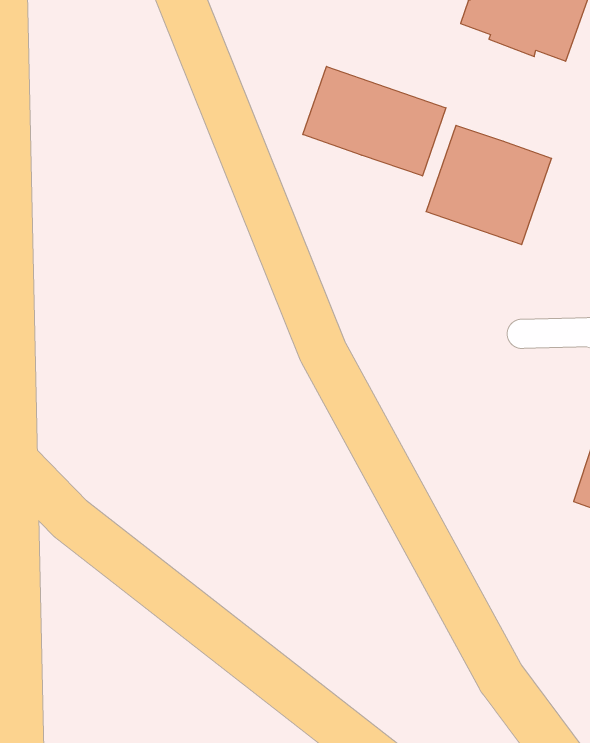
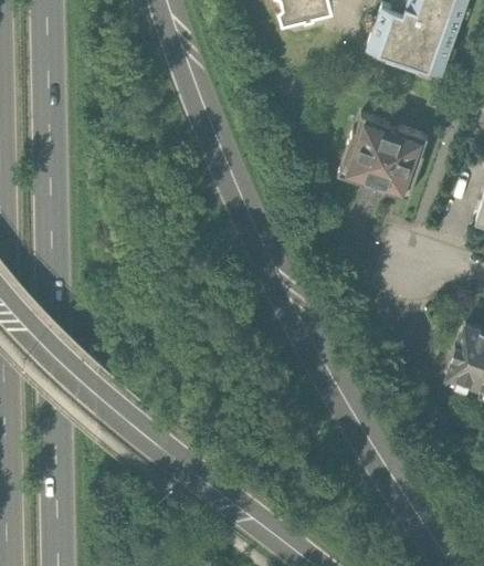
building: [303,66,446,176] -> none

